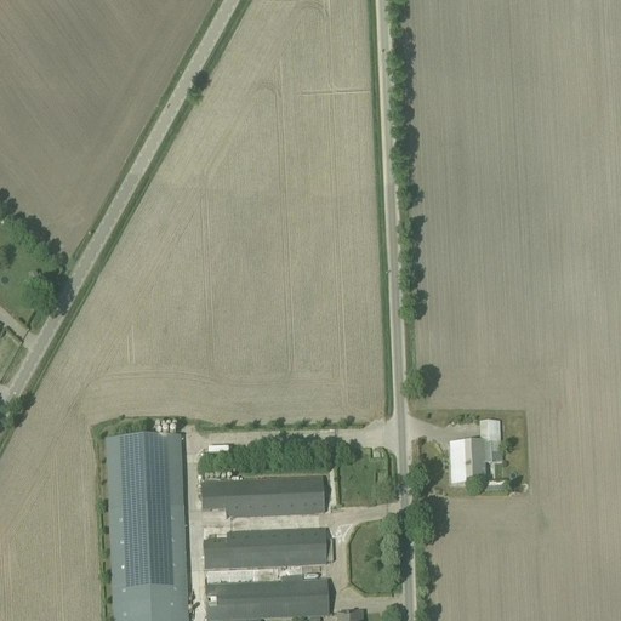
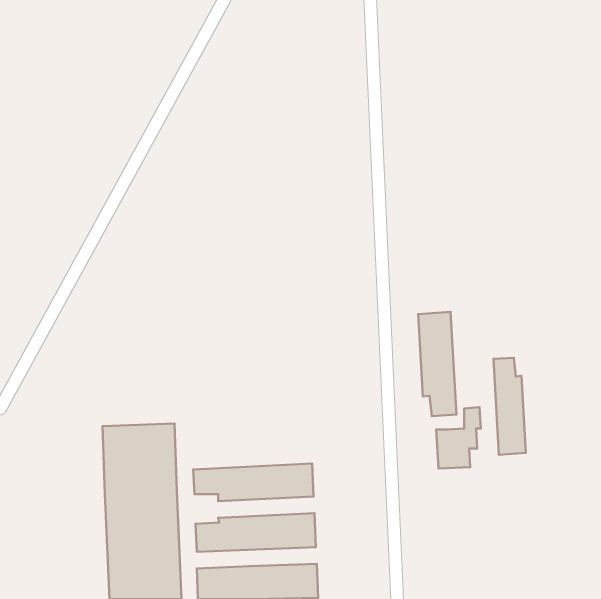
building: none -> [418,312,456,416]
building: none -> [493,358,526,455]

